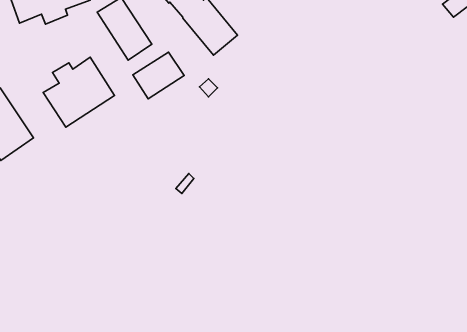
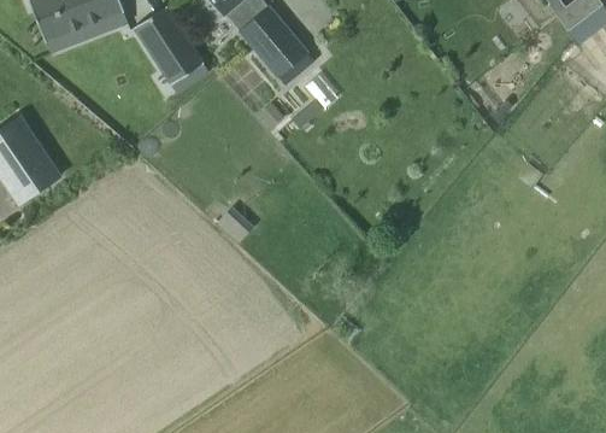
building: [133,52,184,99] -> none
building: [43,57,115,127] -> none

